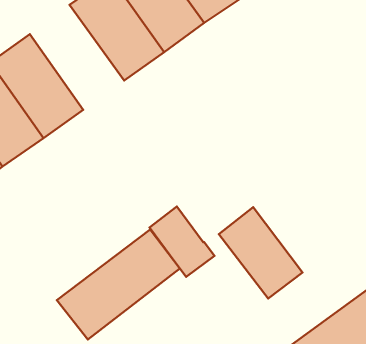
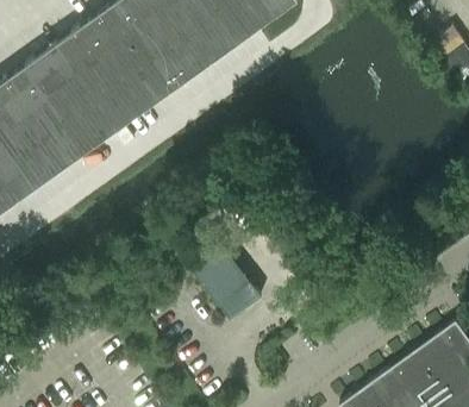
building: none -> [51,15,158,134]
building: [219,207,302,298] -> none
building: [57,230,180,339] -> none

